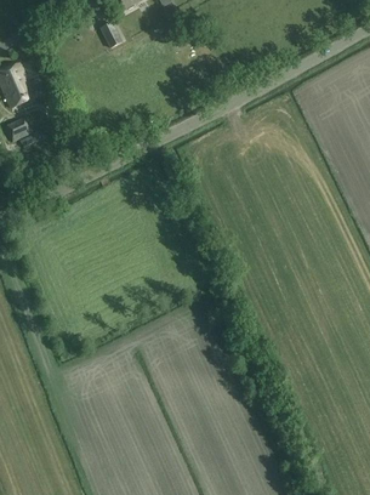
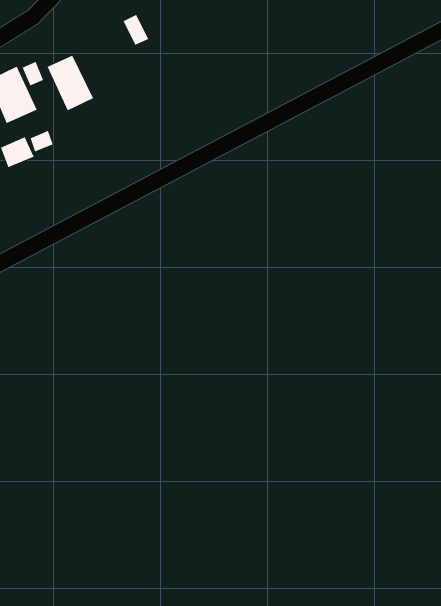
building: none -> [47,55,94,111]

